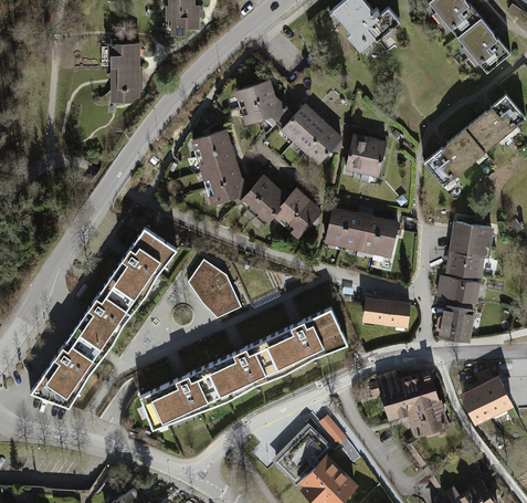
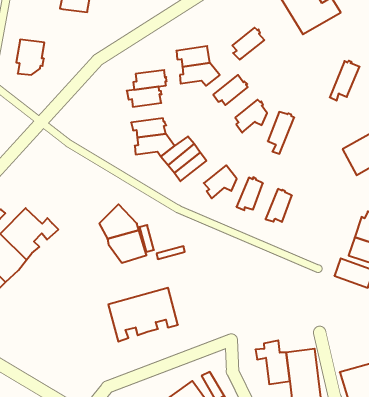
building: [113,66,140,103] -> [16,40,44,75]
building: [296,116,328,151] -> [232,28,264,60]
building: [360,138,386,181] -> [330,61,360,101]
building: [200,147,234,172] -> [133,70,167,90]
building: [273,188,307,222] -> none
building: [342,212,365,249] -> none
building: [372,220,398,262] -> none
building: [108,228,177,292] -> none
building: [363,297,409,325] -> none
building: [436,306,472,342] -> none
building: [268,307,348,373] -> none
building: [139,364,226,429] -> none

